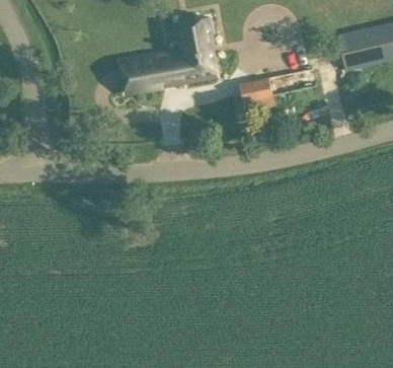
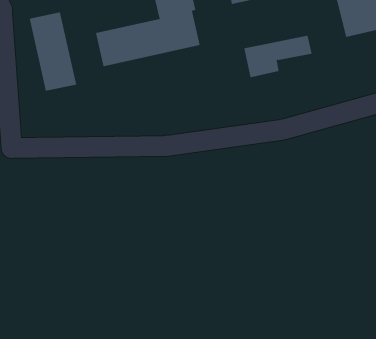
building: none -> [29,12,77,92]

